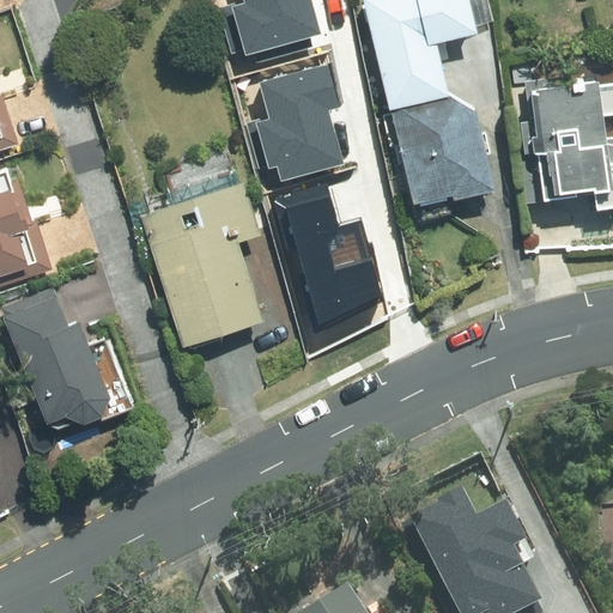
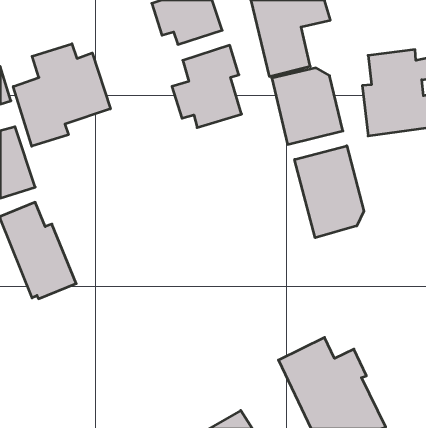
building: none -> [13,44,110,146]
building: [141,183,261,344] -> none
building: [275,186,383,338] -> none
building: none -> [295,146,364,238]

